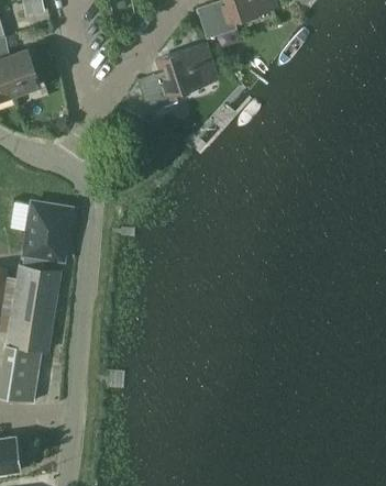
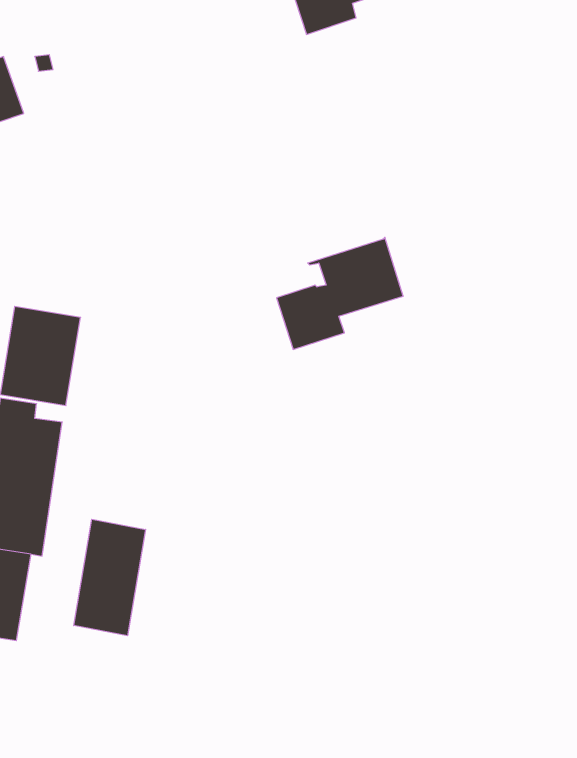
building: [137,44,213,111] -> [277,237,403,349]
building: none -> [74,519,146,636]

